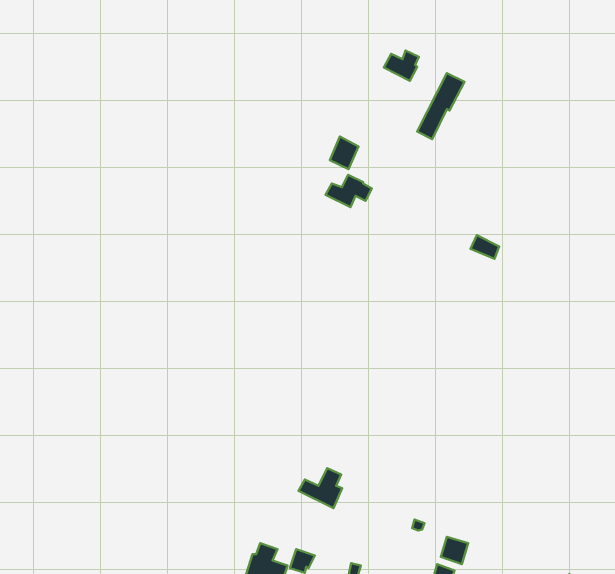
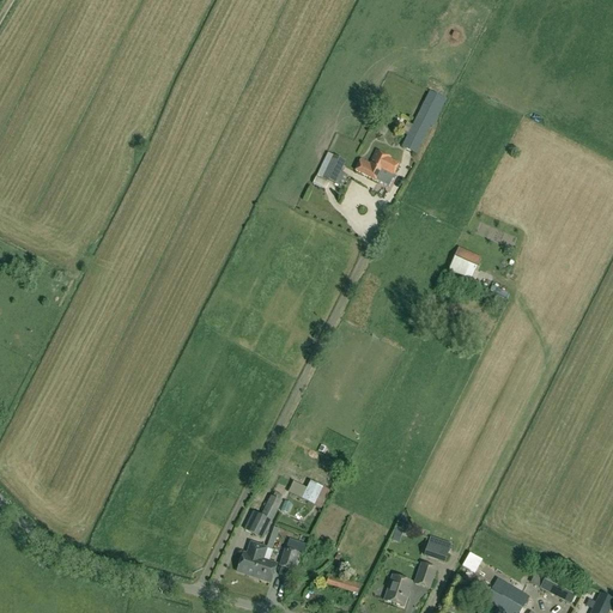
building: [384,51,419,81] -> none
building: [326,175,372,207] -> [354,150,399,181]
building: none -> [244,494,283,539]

